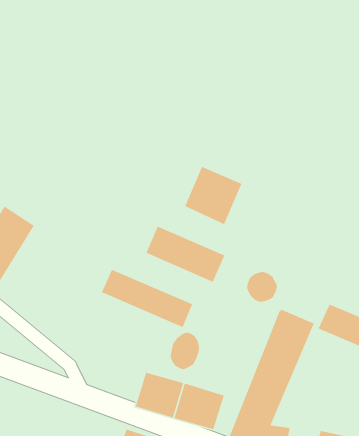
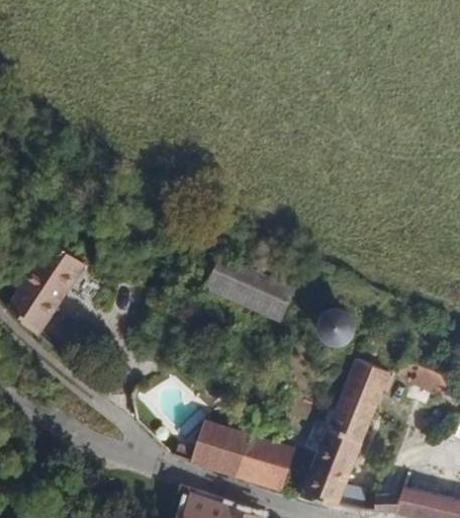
building: [184,166,242,225] -> none
building: [101,269,193,328] -> none
building: [170,332,200,370] -> none

